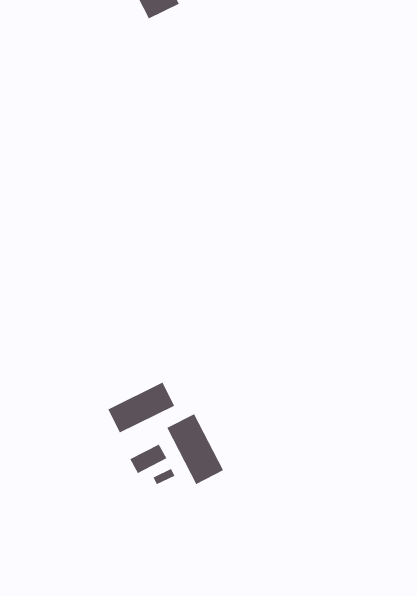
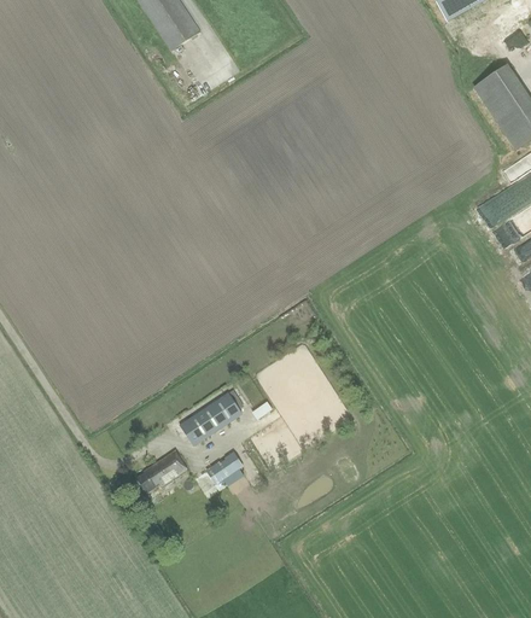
building: [166,413,224,485] -> none
building: none -> [136,448,189,492]

